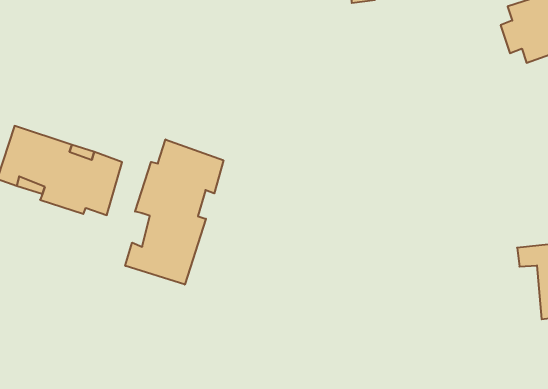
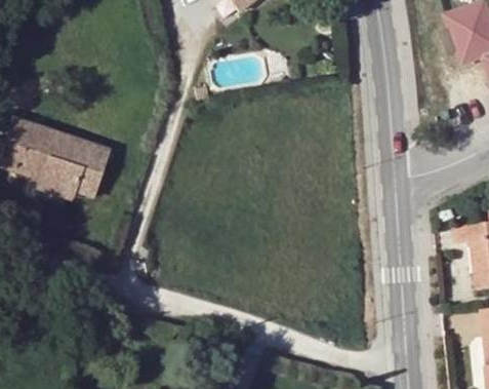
building: [125,139,223,285] -> none

